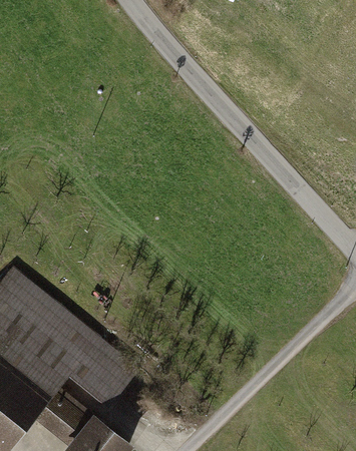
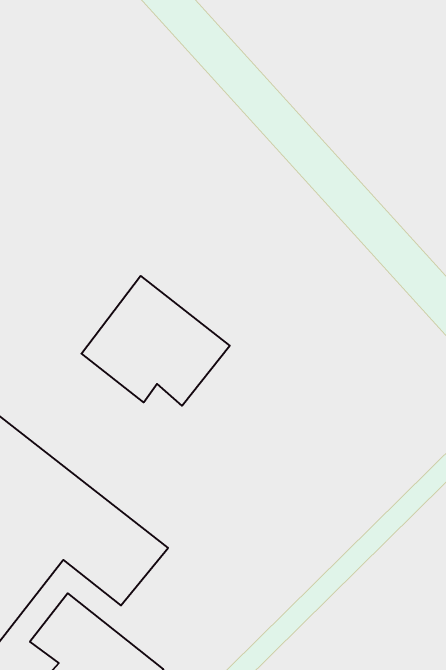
building: none -> [81,276,230,406]

